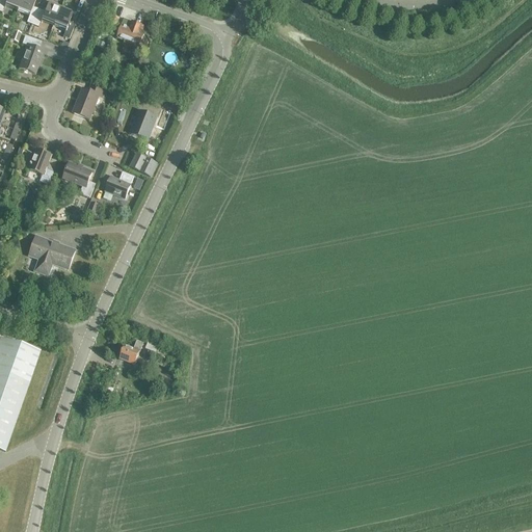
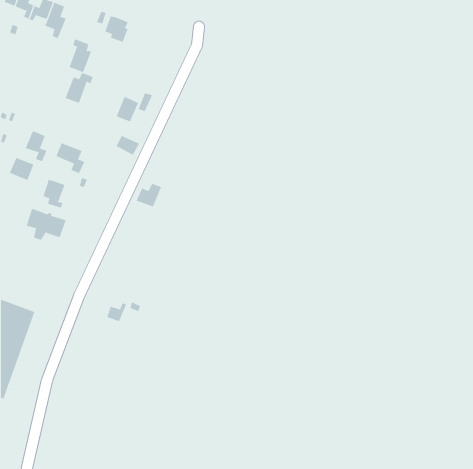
building: [18,33,44,72] -> [69,39,92,73]
building: [105,169,134,196] -> [136,183,162,207]
building: none -> [9,157,34,181]
building: none -> [43,179,65,209]

